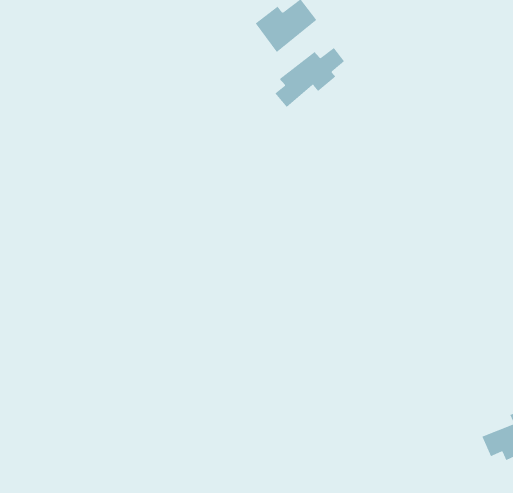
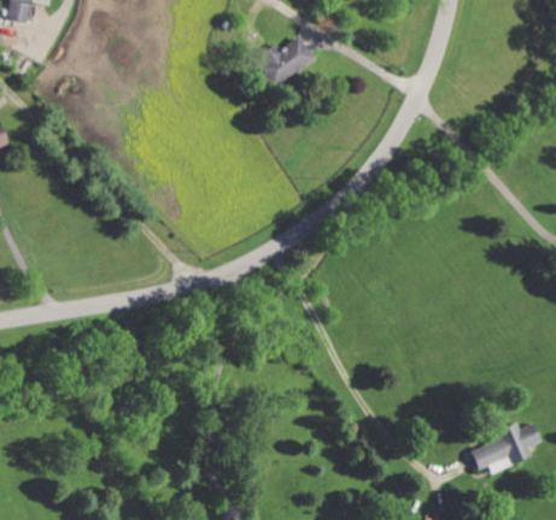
building: [275,47,345,108] -> none

